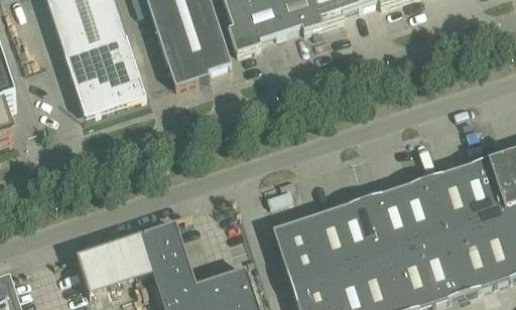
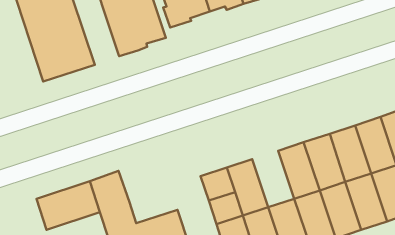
building: [334,197,384,265] -> none

